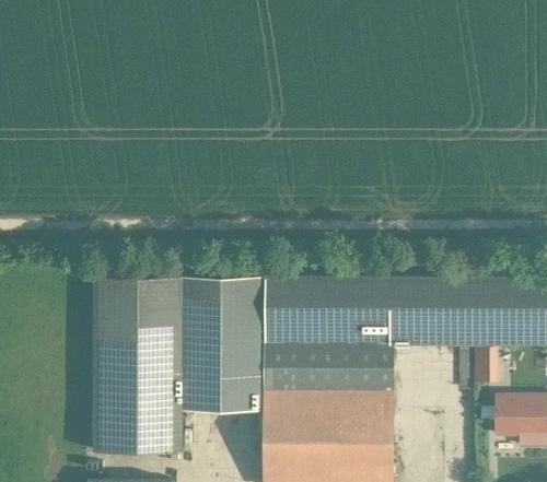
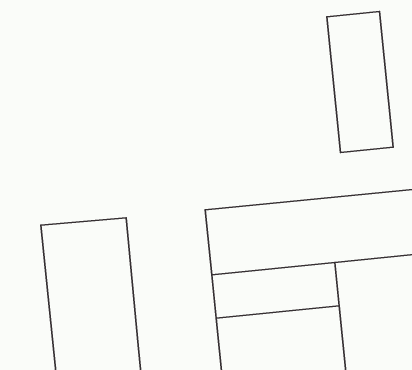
building: none -> [327,12,393,153]
building: [182,278,265,411] -> none

